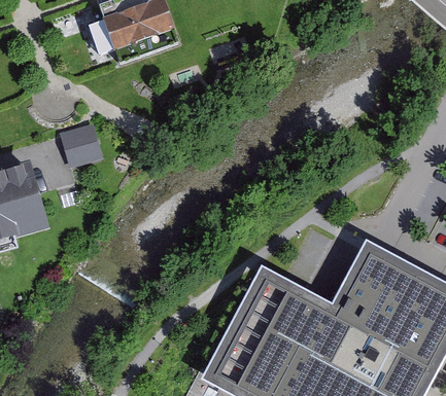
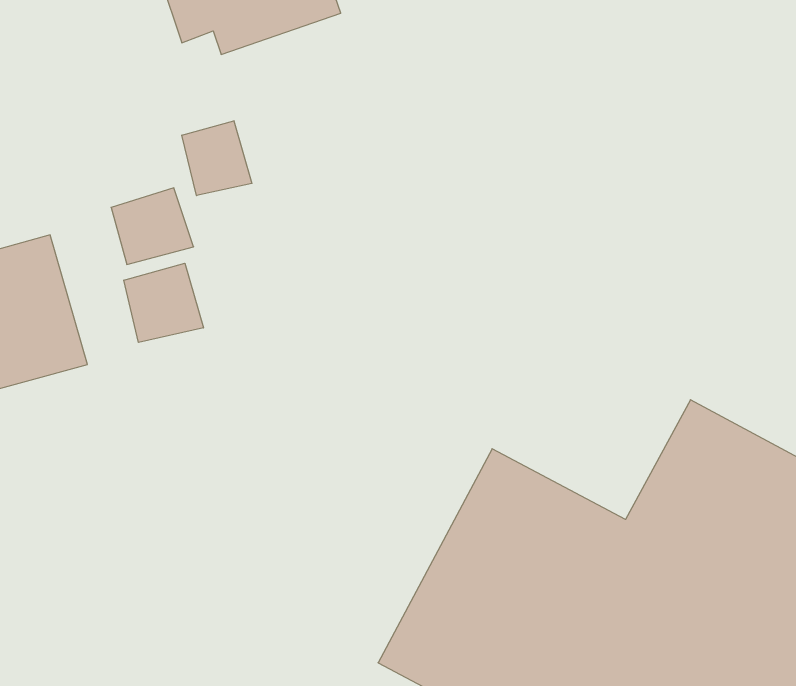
building: none -> [182,121,252,196]
building: none -> [124,263,203,342]

